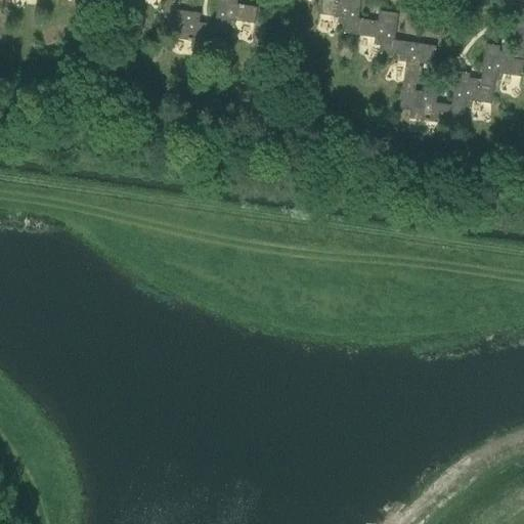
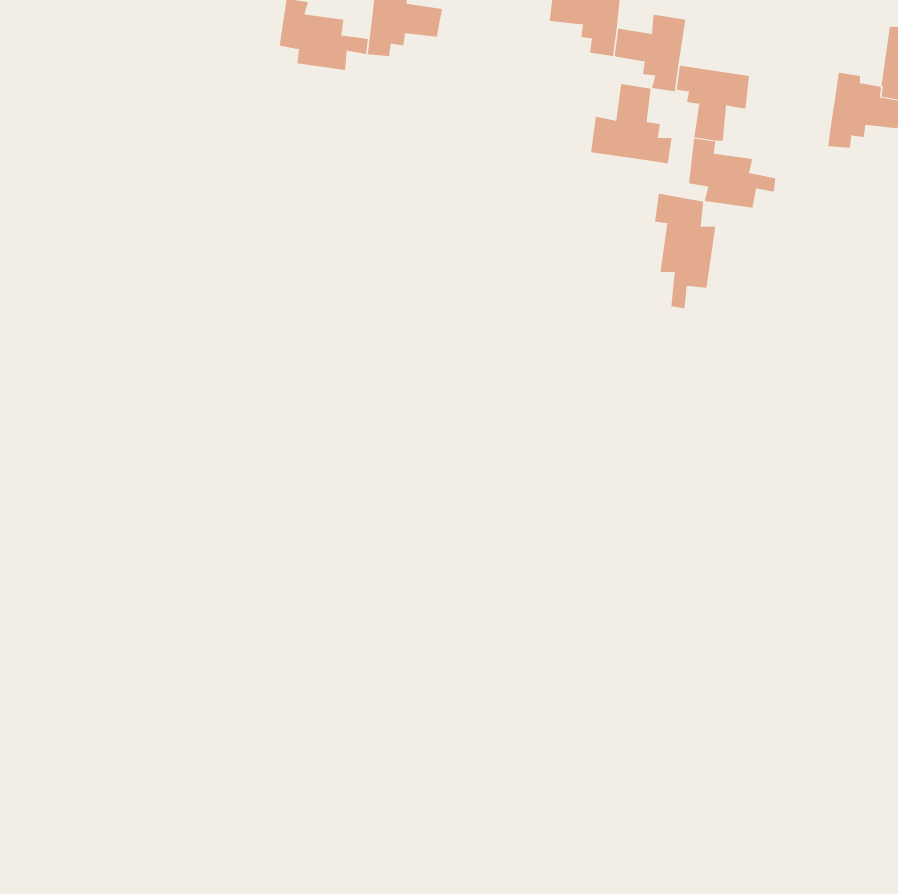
building: none -> [590,83,672,164]
building: [451,70,495,114] -> none
building: none -> [655,193,716,309]

